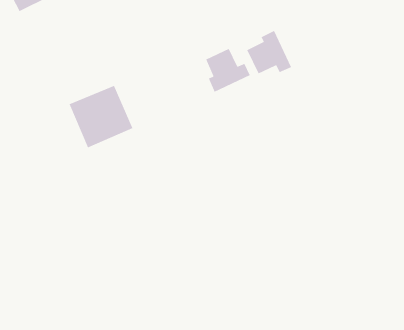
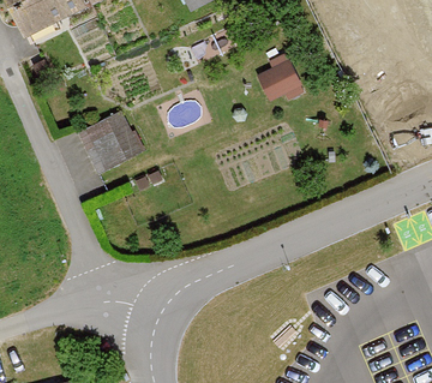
building: [205,48,251,93] -> none

